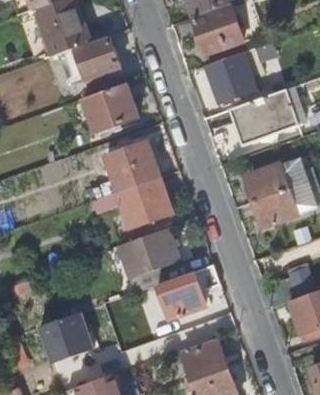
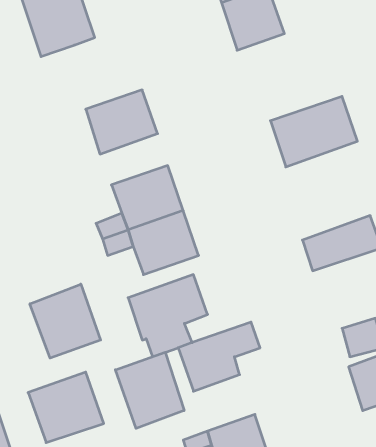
building: [75,38,121,81] -> none
building: [205,48,260,101] -> none
building: [244,158,306,202] -> none
building: none -> [30,284,101,358]
building: none -> [115,352,184,428]

